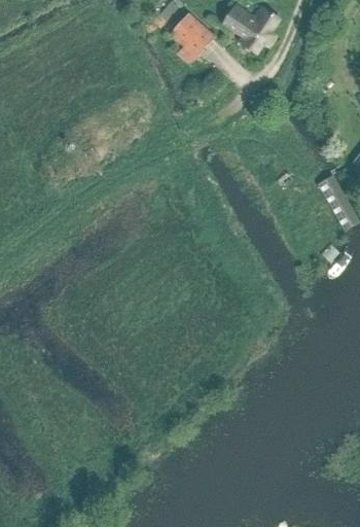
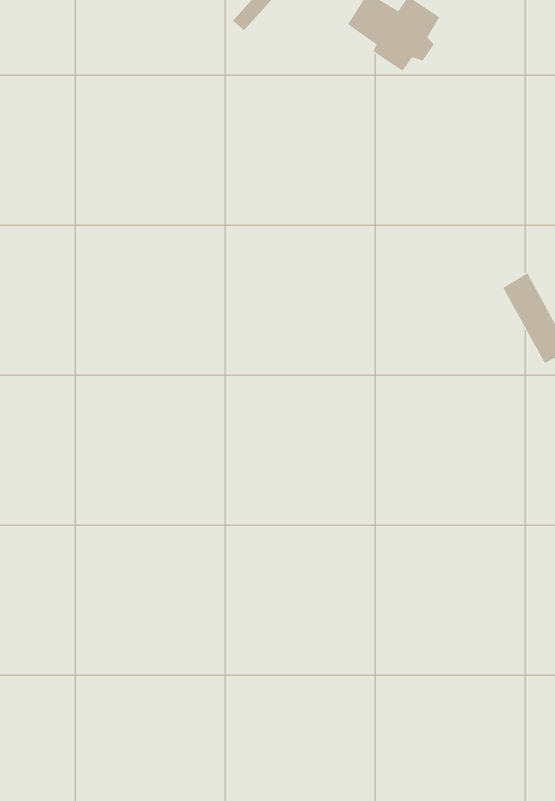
building: [167,14,215,65] -> none

